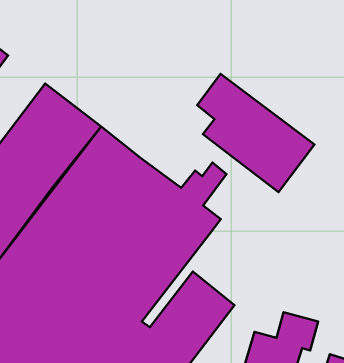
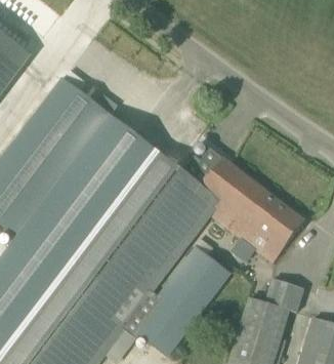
building: [197,74,314,192] -> [202,159,305,264]

